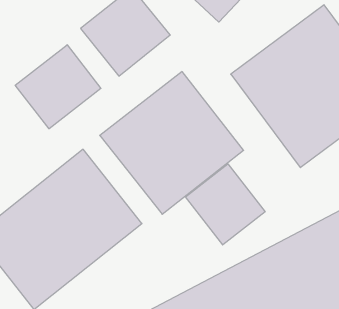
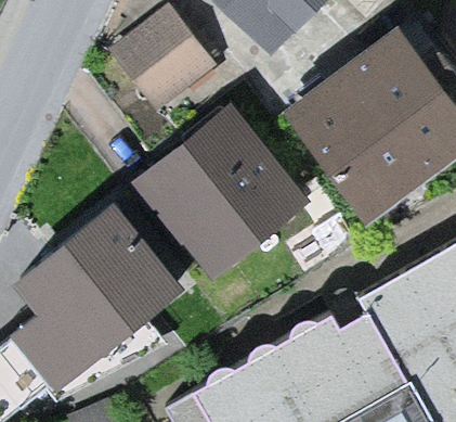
building: [15,45,101,129] -> none
building: [185,164,265,245] -> none

